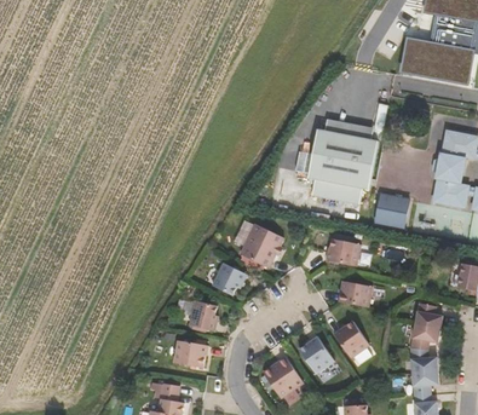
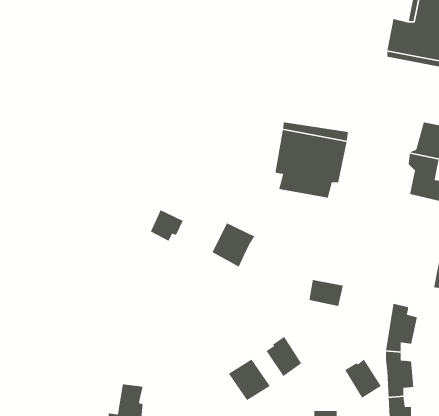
building: [373,195,407,229] -> none
building: [326,241,361,269] -> none
building: [217,264,249,295] -> [150,209,184,242]
building: [192,300,221,330] -> none
building: [330,322,367,361] -> [344,358,382,399]
building: [169,339,203,367] -> none

